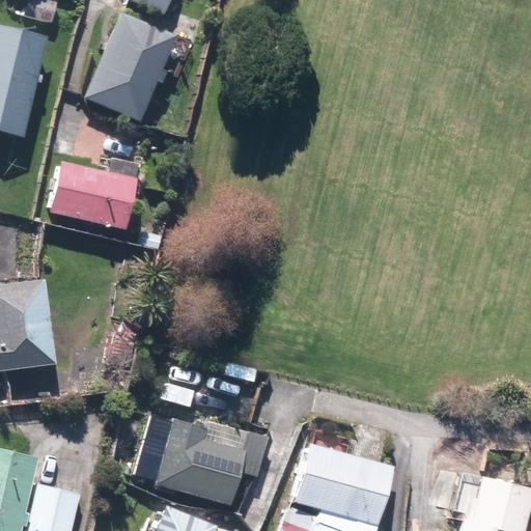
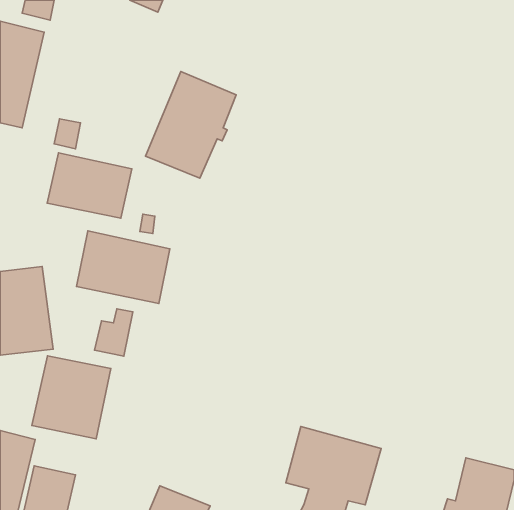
building: [82,11,175,121] -> [146,72,236,178]
building: none -> [76,231,170,303]
building: none -> [32,356,111,439]
building: [153,419,267,506] -> none

